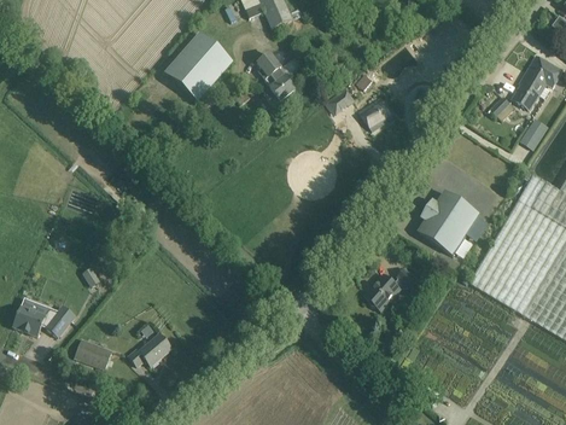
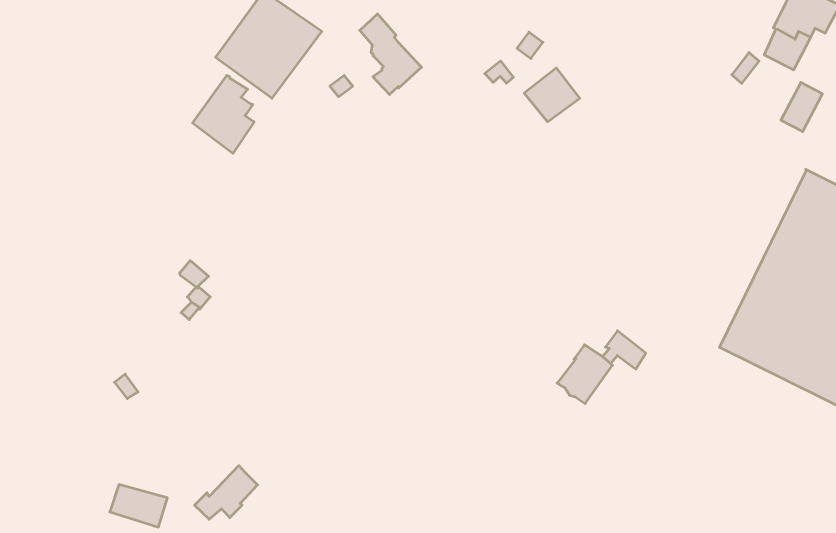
building: none -> [193,75,254,153]
building: [419,191,479,254] -> none
building: [12,302,74,336] -> none

